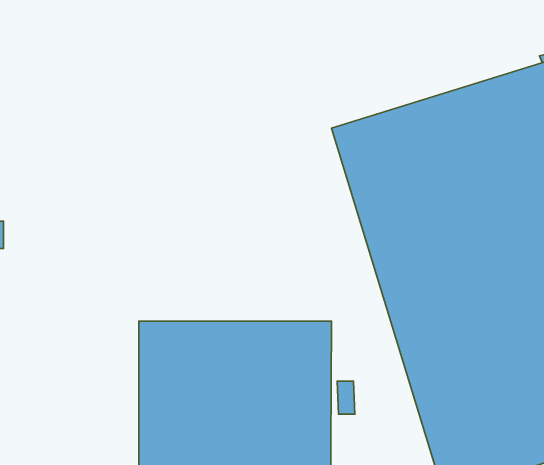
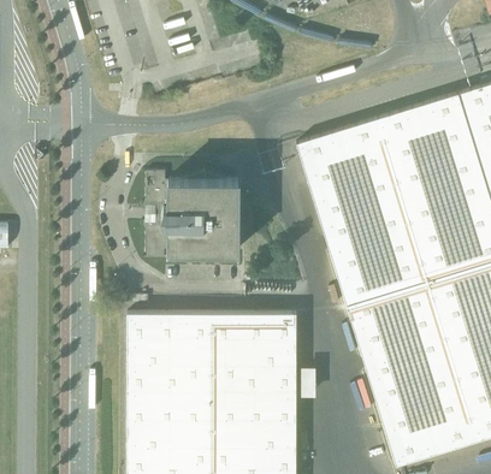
building: none -> [146,172,238,261]

